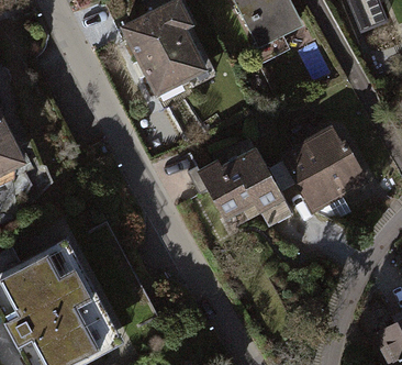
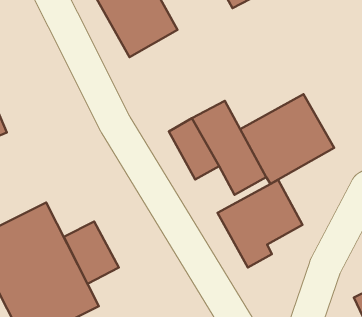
building: none -> [218,180,302,267]
building: none -> [64,222,119,284]

